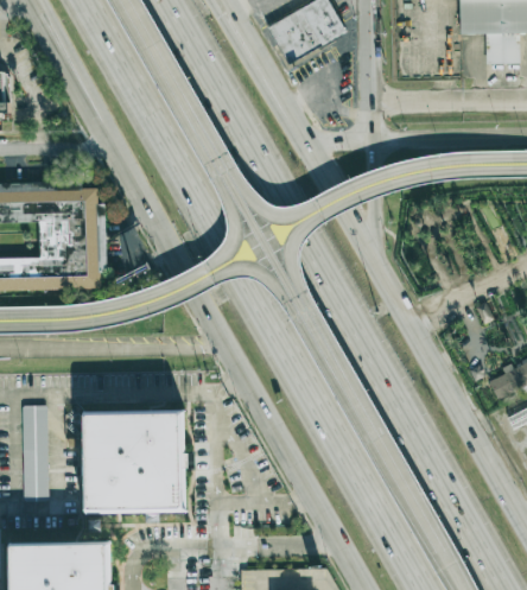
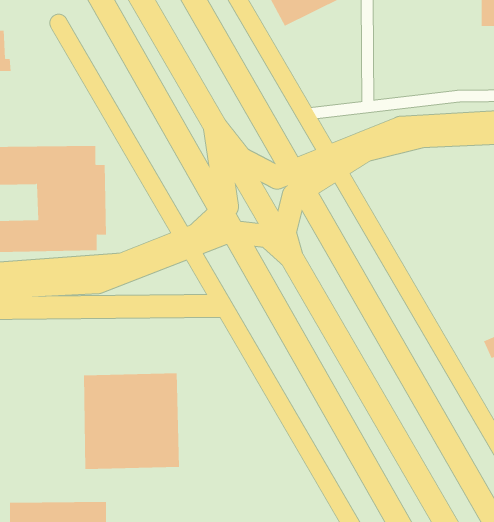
building: [19,404,49,499] -> none

